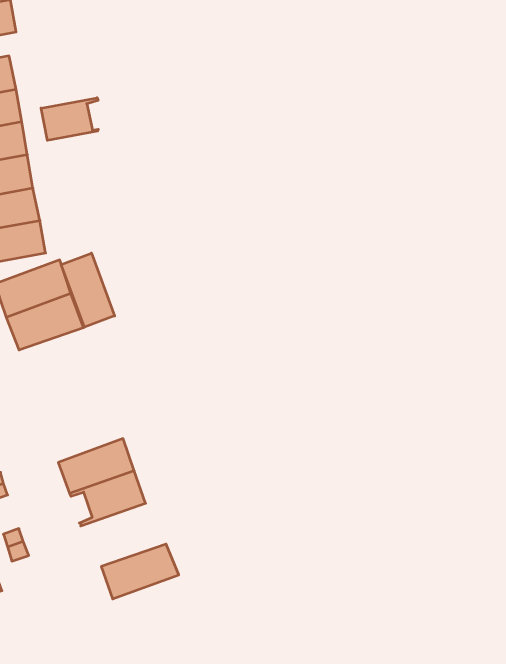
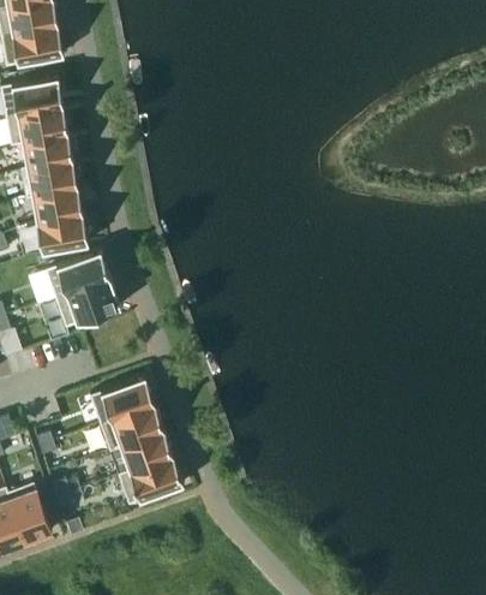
building: [41,98,98,140] -> none
building: [61,253,115,327] -> none
building: none -> [89,375,154,422]
building: [101,544,179,599] -> [118,457,184,504]

